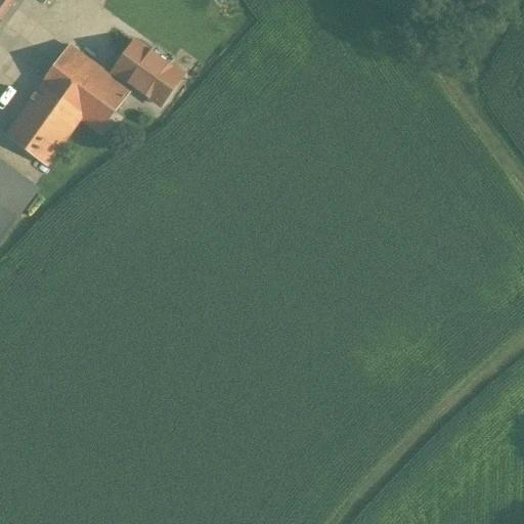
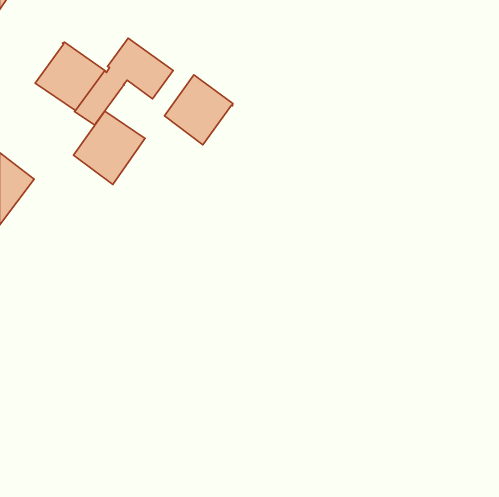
building: none -> [165,75,233,145]
building: [4,87,79,164] -> [74,111,145,185]

